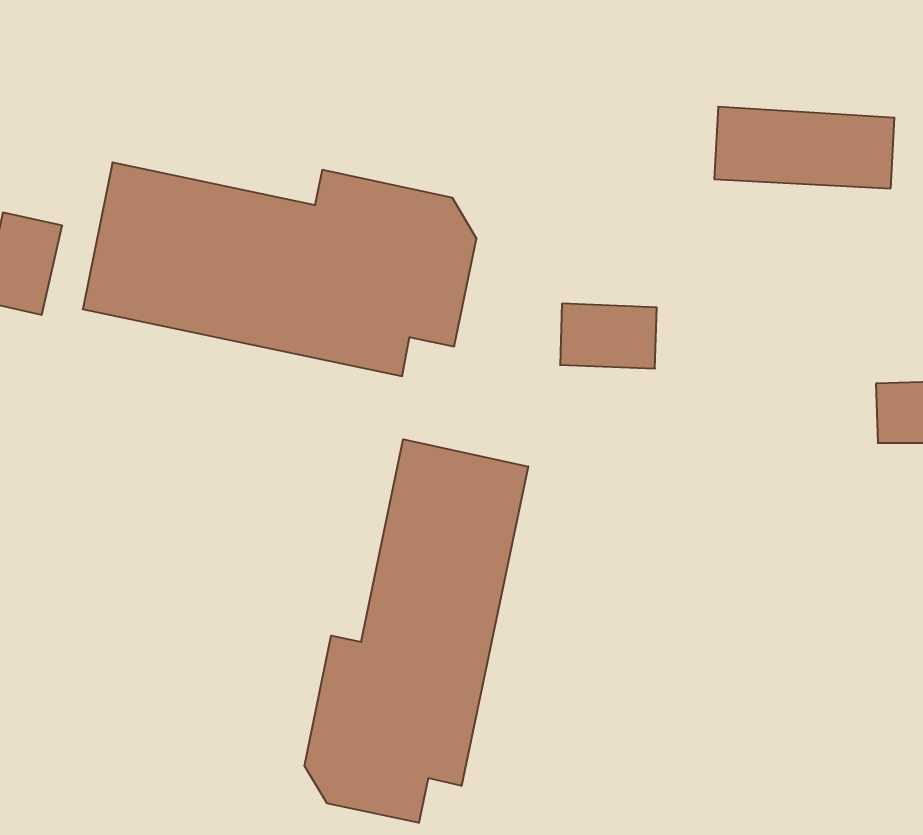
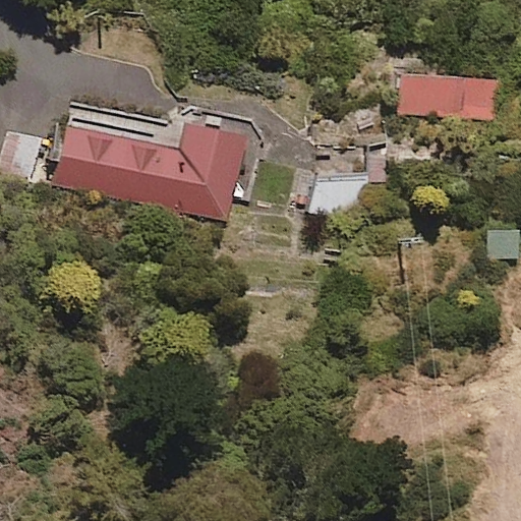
building: [304,439,528,823] -> none

